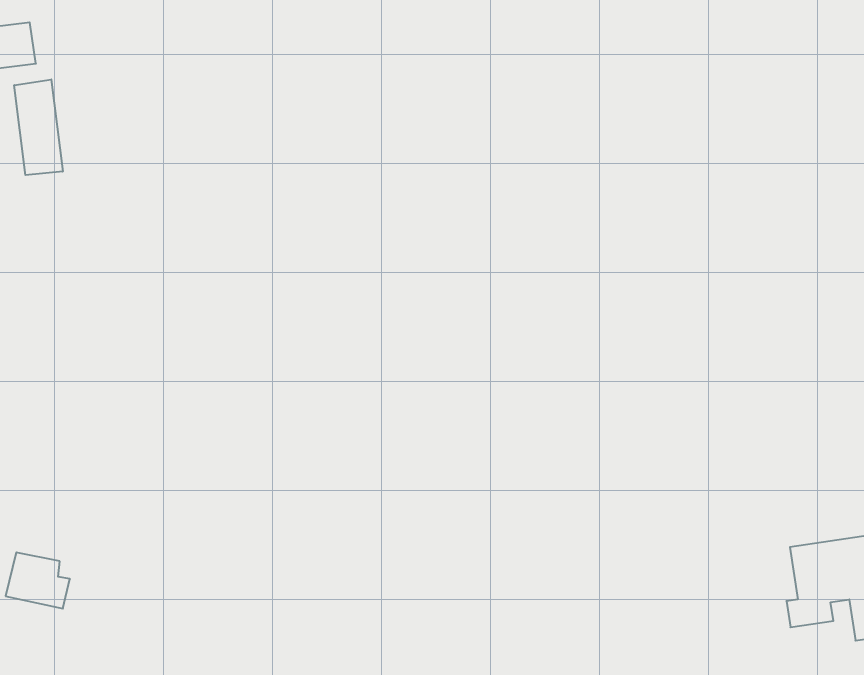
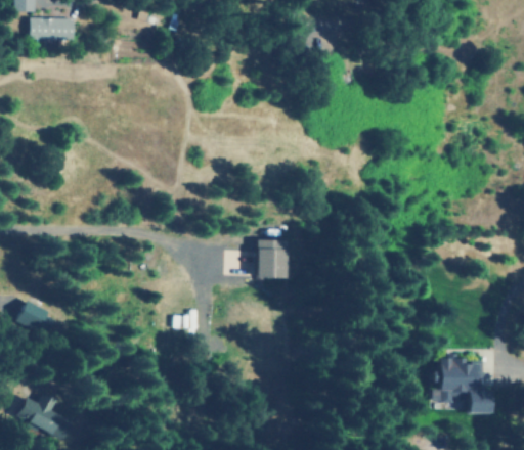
building: [14,79,63,175] -> none
building: none -> [255,239,283,278]

